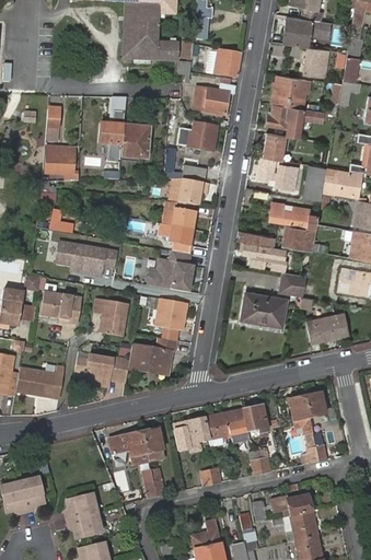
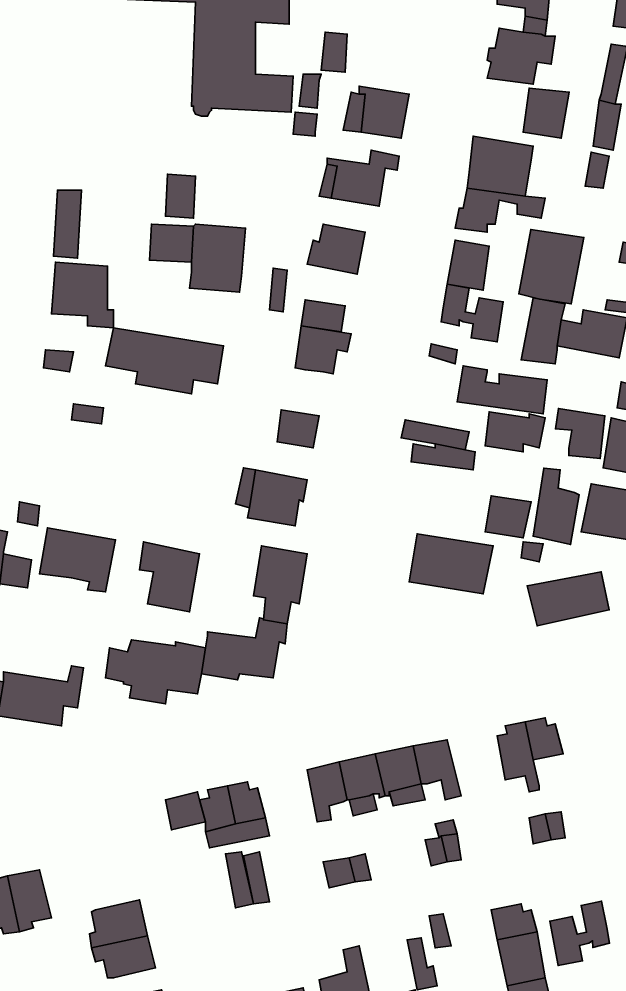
building: none -> [519,230,584,304]
building: [172,202,195,229] -> none
building: none -> [555,408,605,458]
building: [55,242,119,278] -> [105,328,223,394]
building: none -> [533,468,579,544]
building: none -> [550,901,610,965]

